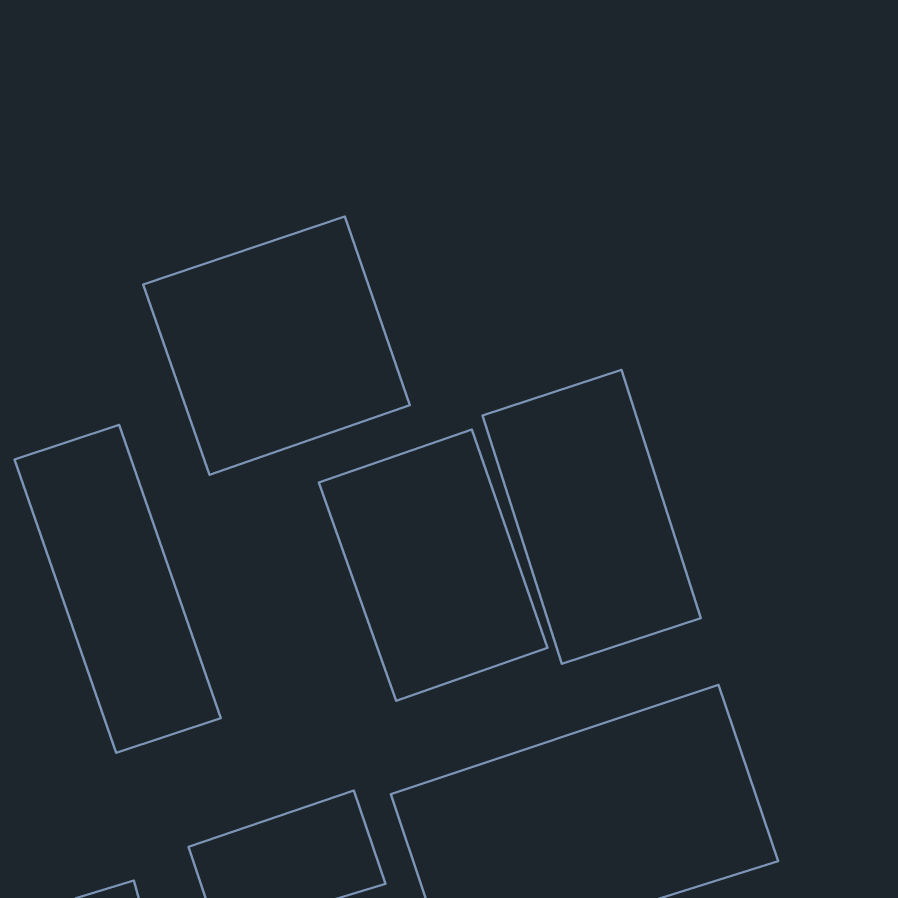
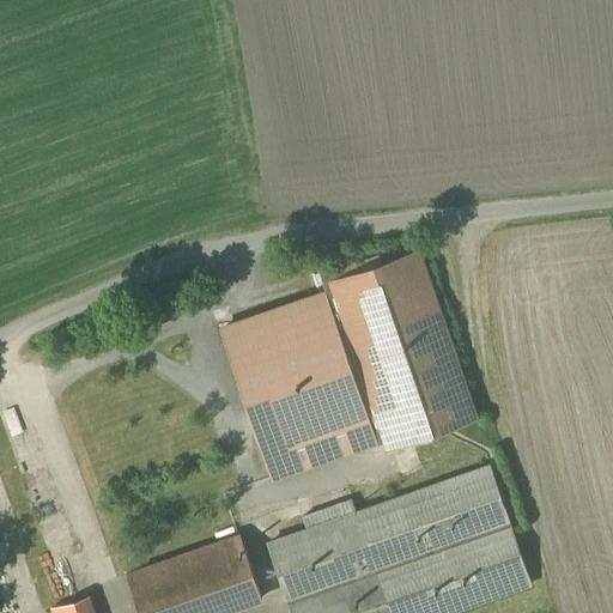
building: [143,217,410,475] -> none
building: [15,425,221,753] -> none

